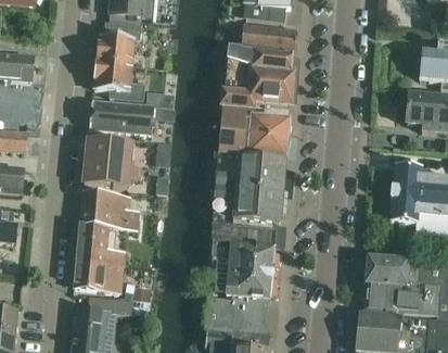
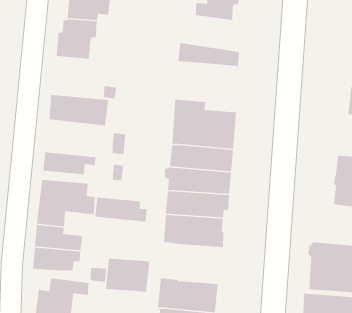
building: [241,24,296,55] -> none
building: [93,61,142,99] -> none
building: [220,68,294,109] -> none
building: [85,140,141,167] -> [94,197,148,222]
building: [227,261,274,298] -> [105,258,150,293]

